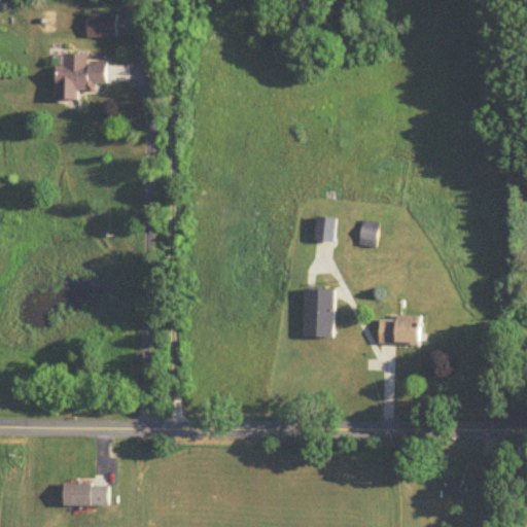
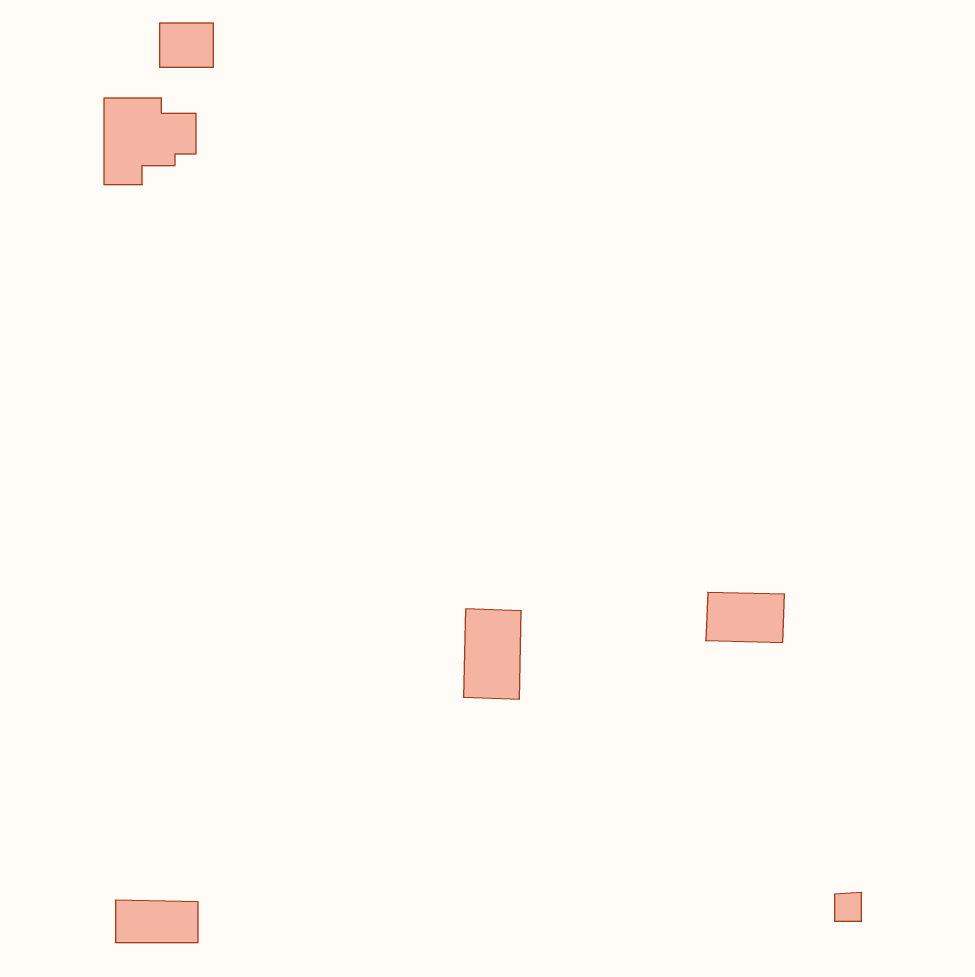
building: [314,215,336,242] -> none
building: [359,219,377,246] -> none
building: [302,288,332,337] -> [464,609,521,699]

